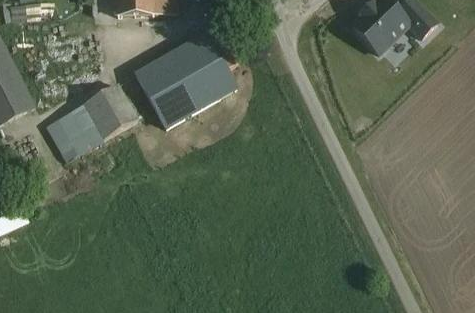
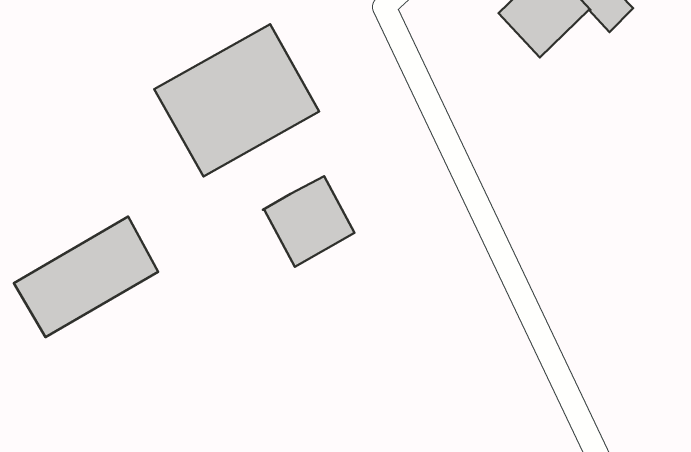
building: [46,84,137,160] -> [14,216,158,337]
building: none -> [263,176,354,267]

